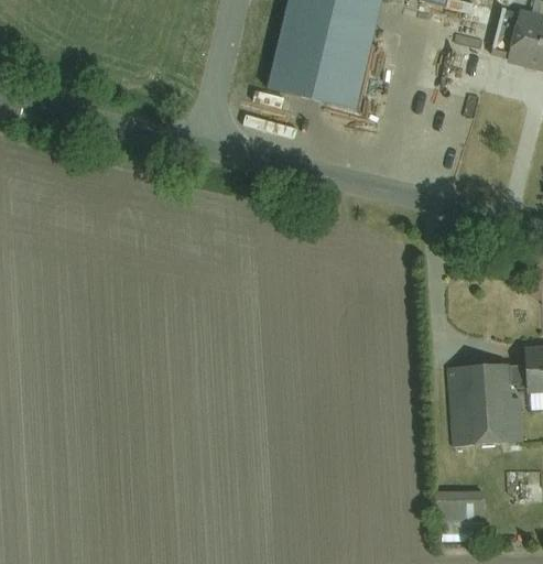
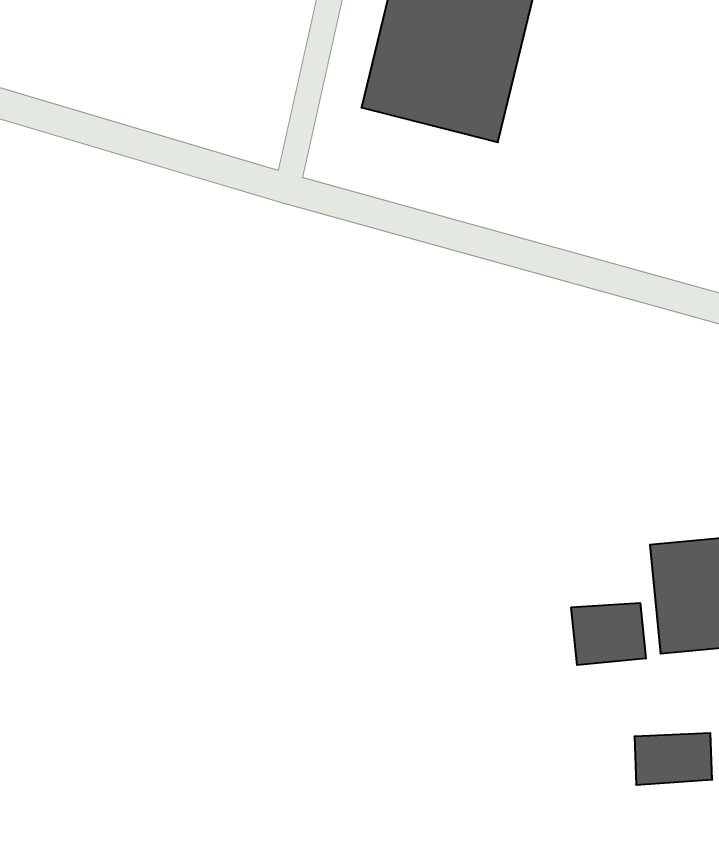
building: none -> [571,603,646,665]

